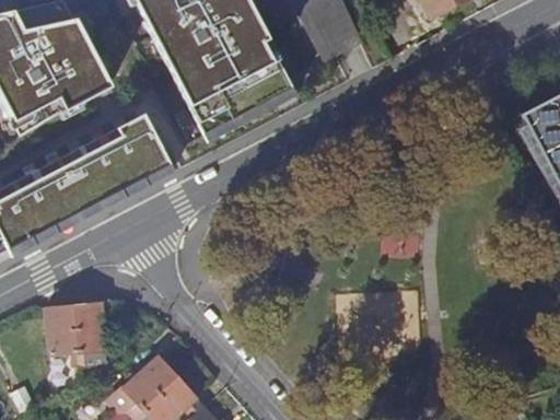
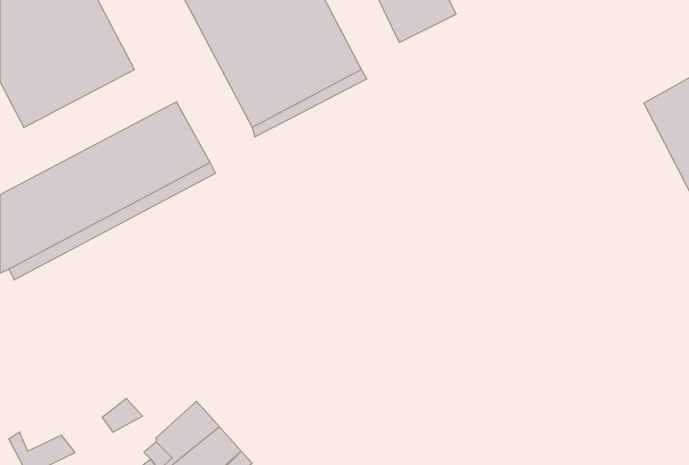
building: [44,304,105,364] -> none

